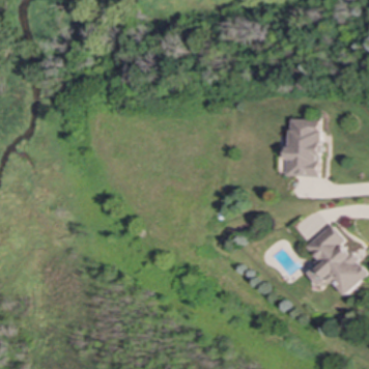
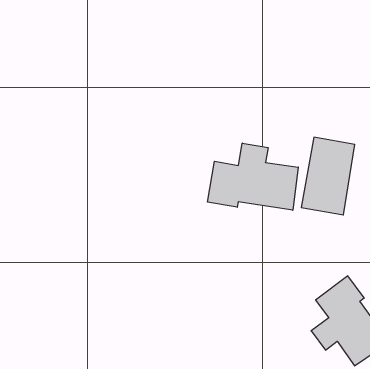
building: none -> [208,143,298,210]

